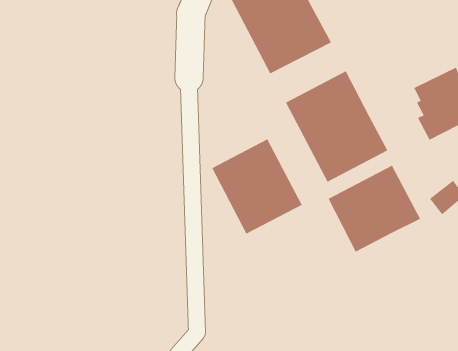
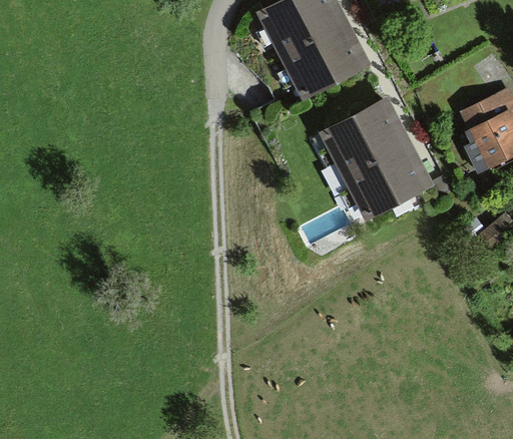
building: [211,138,302,234] -> none
building: [328,165,421,252] -> none

